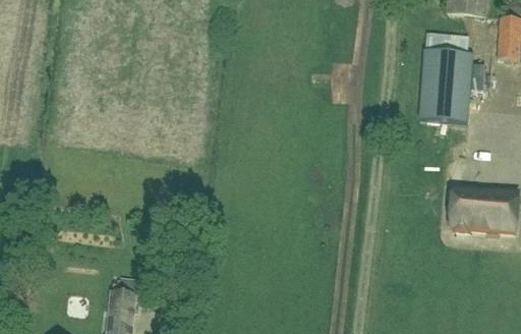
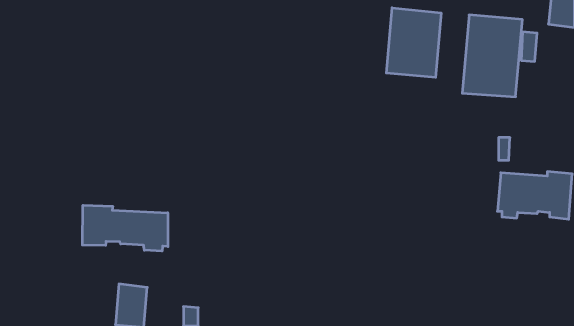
building: none -> [386,8,441,77]
building: none -> [82,205,168,251]

